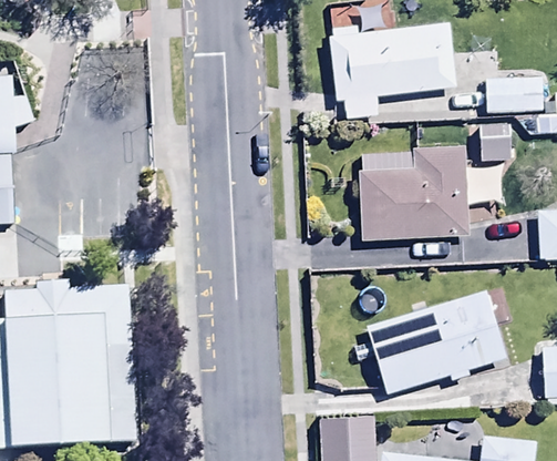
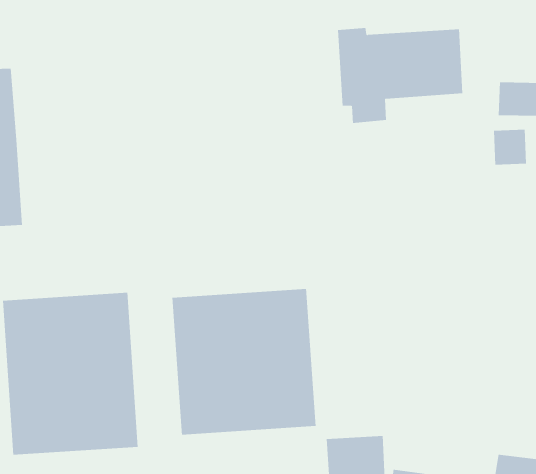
building: [358,145,497,239] -> none
building: none -> [172,288,316,435]
building: [365,290,506,393] -> none

